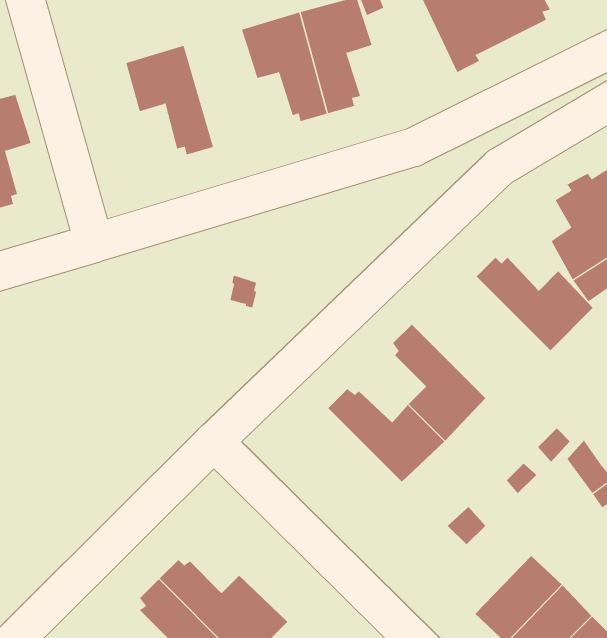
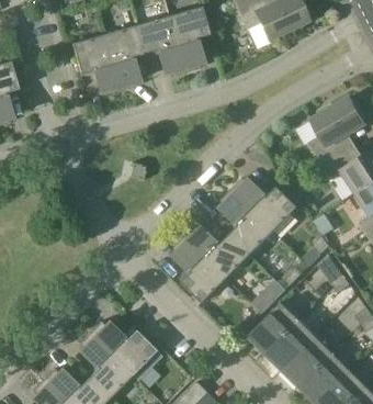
building: none -> [104,25,145,91]
building: [476,257,594,351] -> [231,179,297,232]
building: none -> [173,237,226,303]
building: none -> [249,302,298,352]

